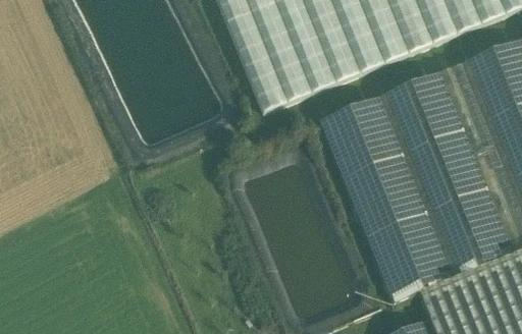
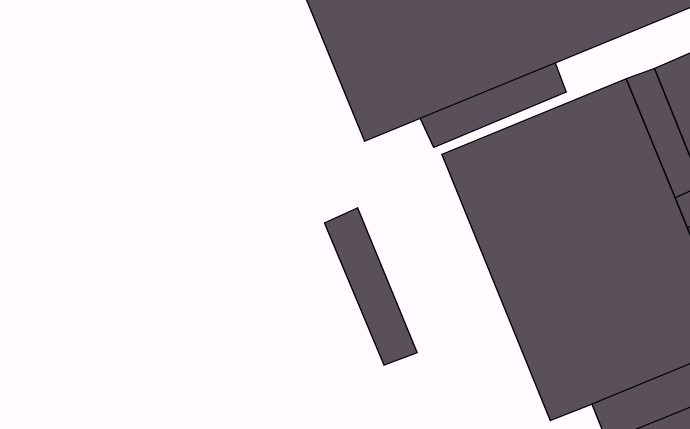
building: none -> [420,63,566,147]
building: none -> [324,208,417,365]

